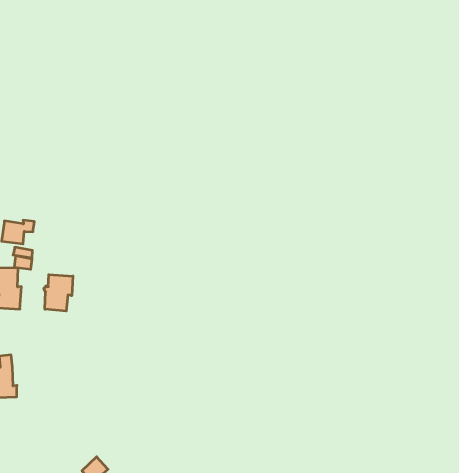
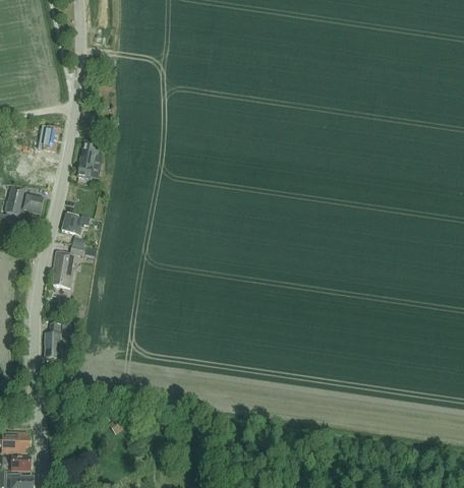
building: none -> [77,140,100,178]
building: [44,275,73,311] -> none

